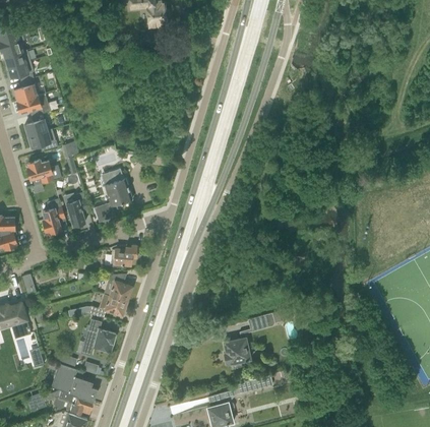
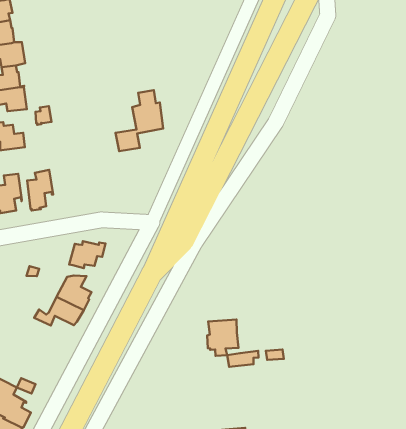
building: [94,170,131,223] -> [116,90,163,151]
building: [81,320,115,356] -> none
building: [223,337,250,368] -> [207,320,238,356]

